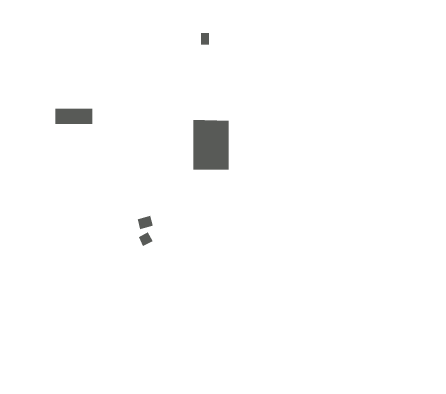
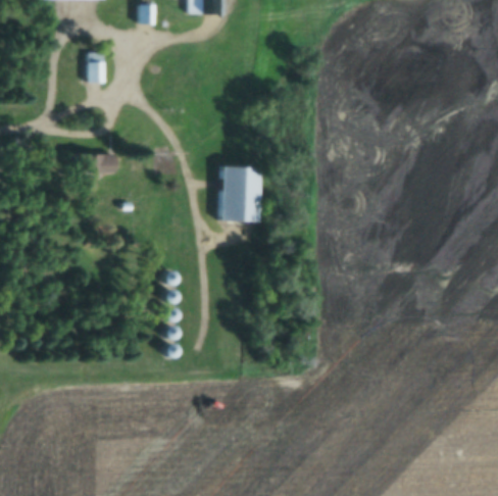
building: none -> [88,60,107,83]

